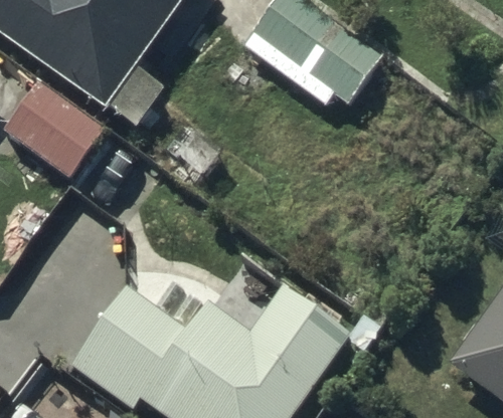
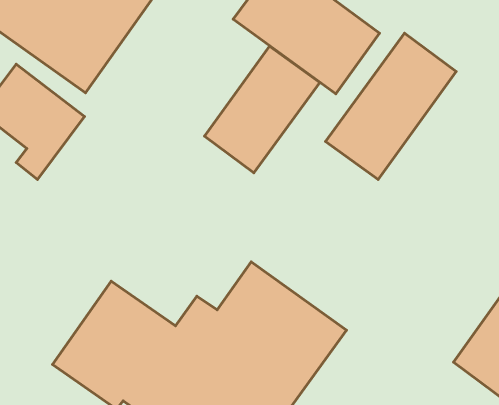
building: none -> [326,33,456,179]
building: none -> [204,46,320,173]

